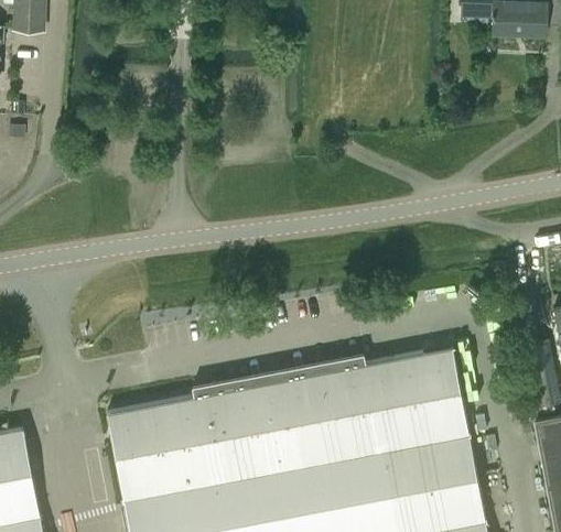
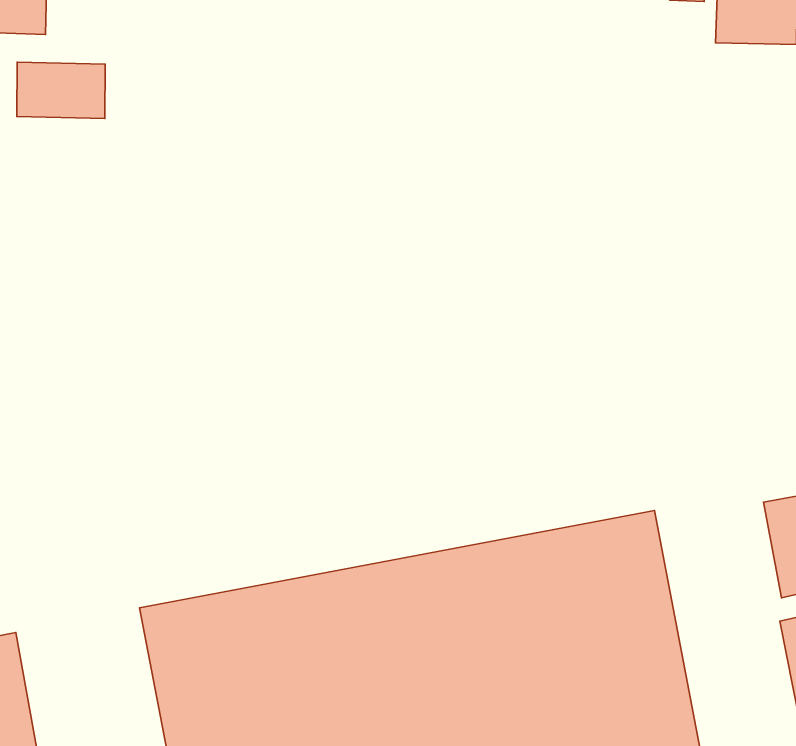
building: none -> [17,62,105,118]

